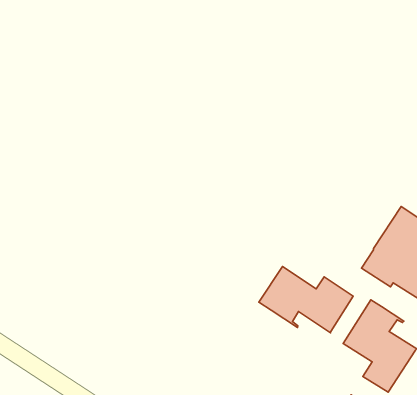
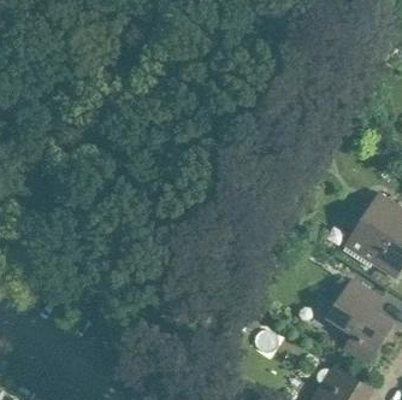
building: [259,267,353,333] -> none

